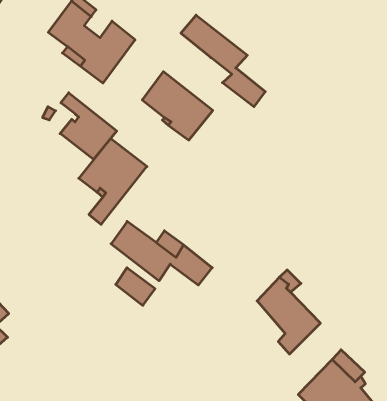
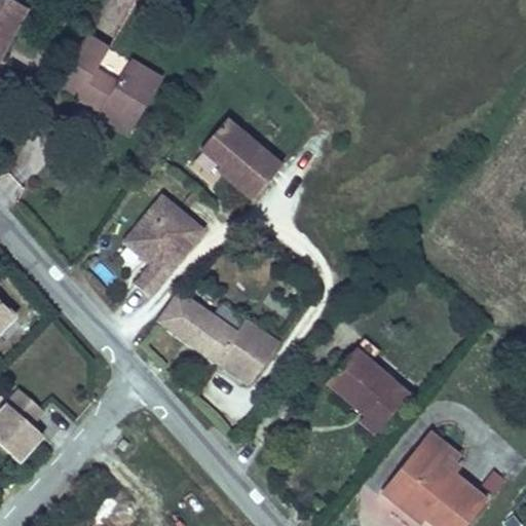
building: [181,15,265,107] -> none
building: [60,93,117,160] -> none
building: [116,268,155,305] -> [218,341,264,383]

